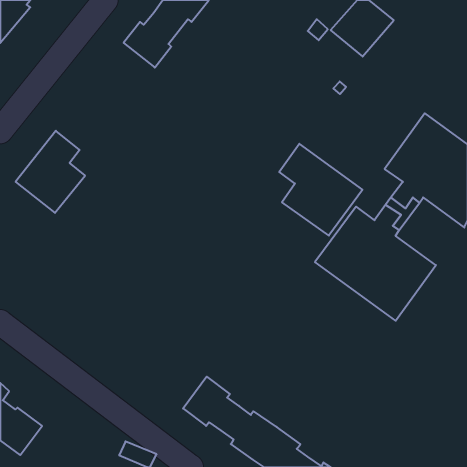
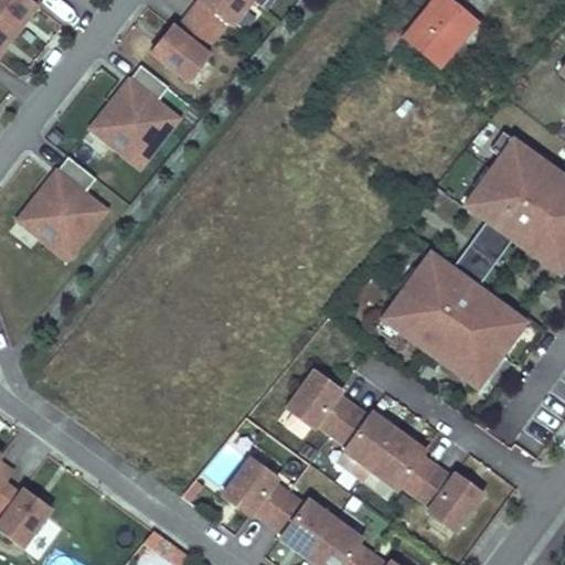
building: none -> [92,66,175,167]
building: [279,144,362,236] -> none
building: none -> [285,367,482,530]

